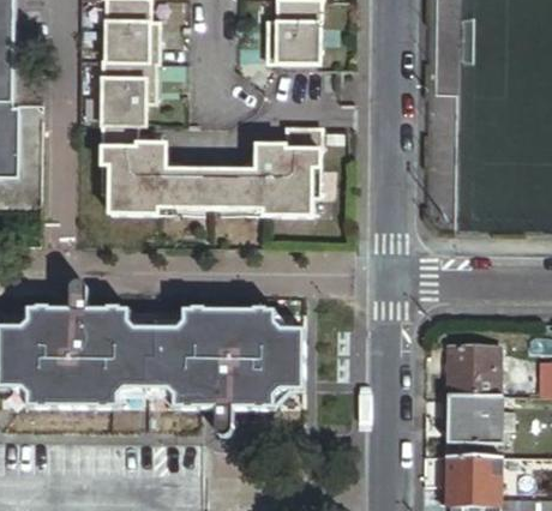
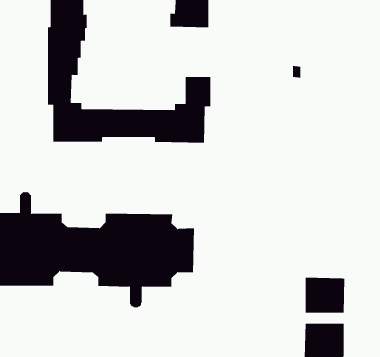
building: [446,345,497,395] -> none

